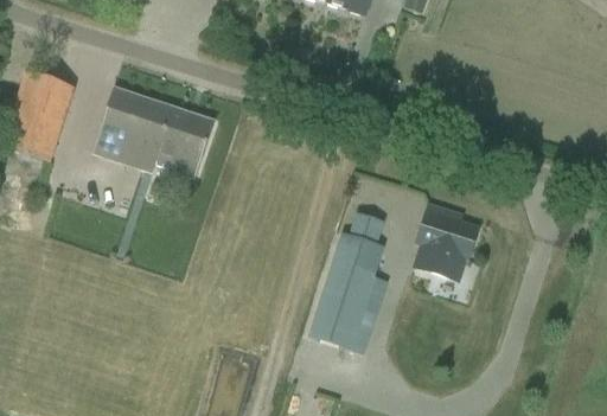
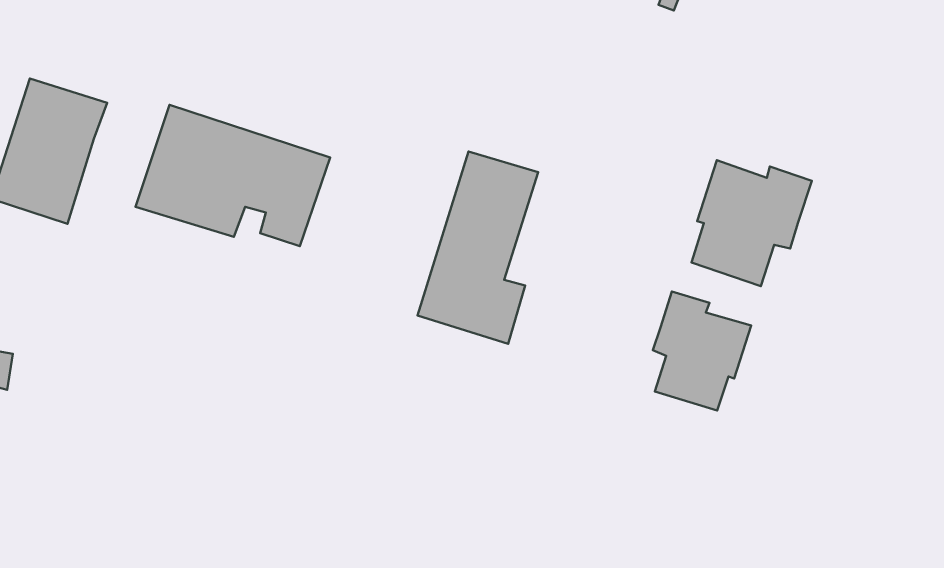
building: none -> [691,160,812,286]
building: [311,225,386,346] -> [417,151,538,344]

